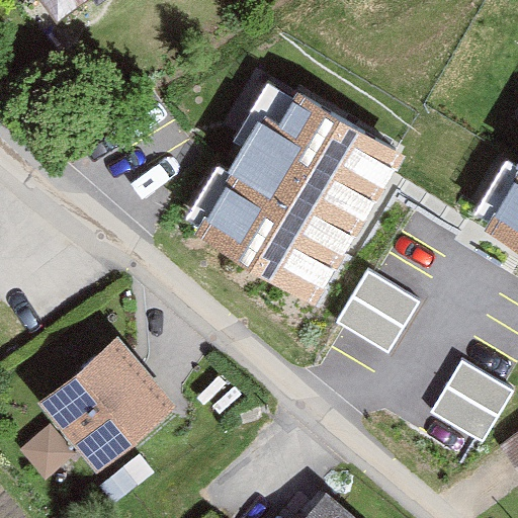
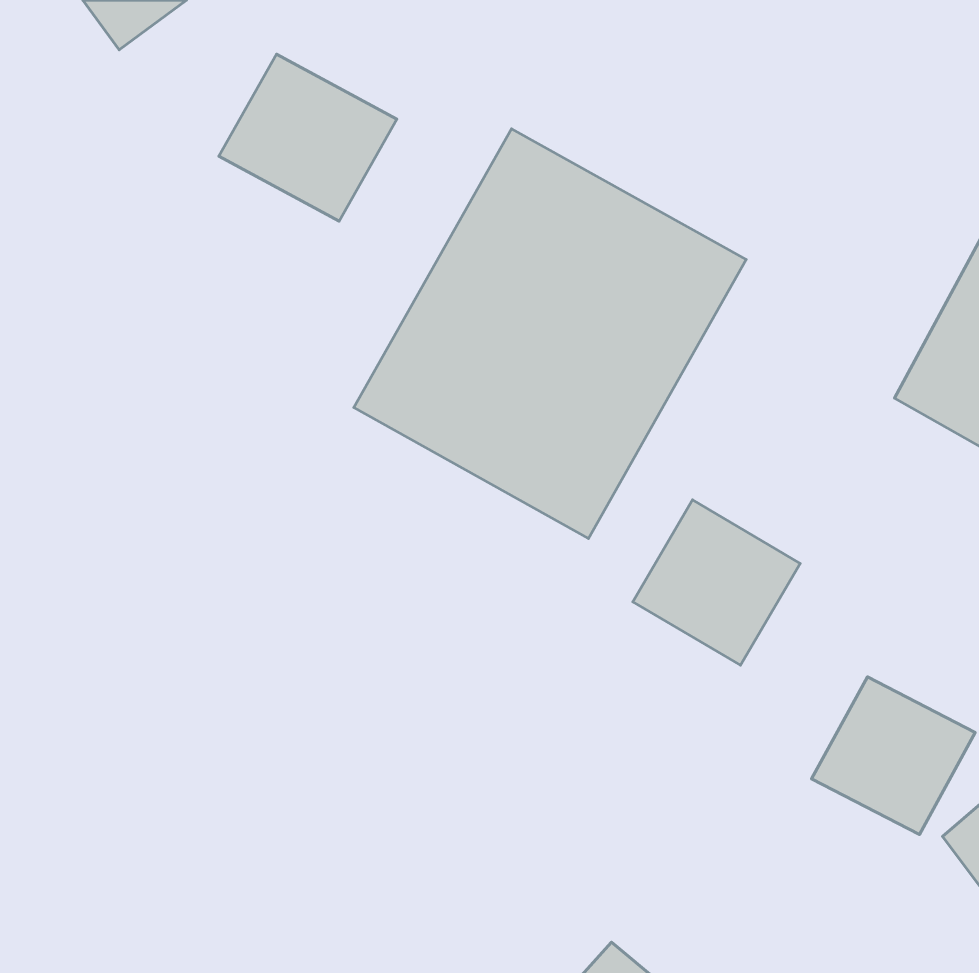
building: none -> [219,54,397,221]
building: [47,343,185,480] -> none

